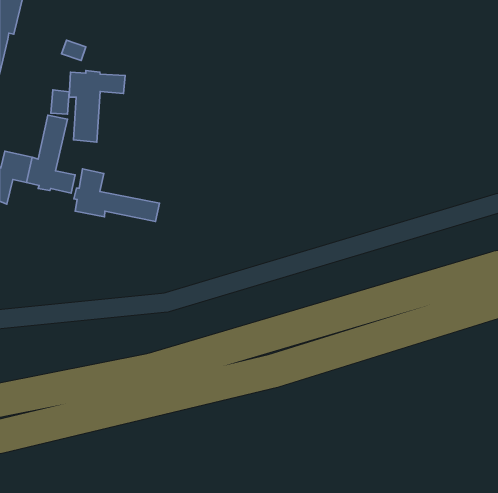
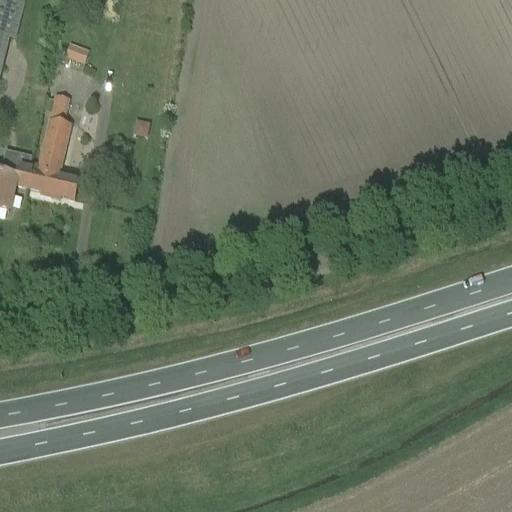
building: [69,70,125,142] -> none
building: [74,169,160,221] -> none

